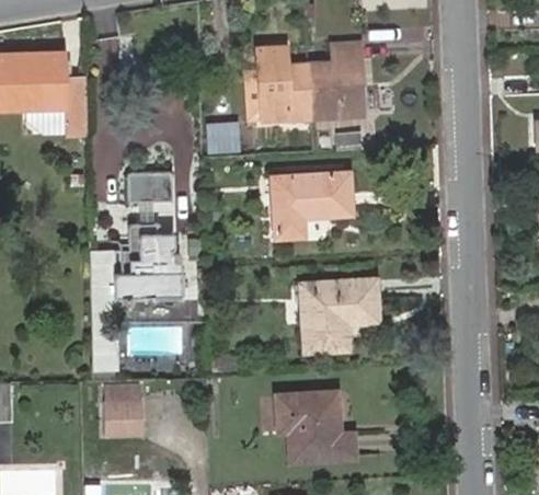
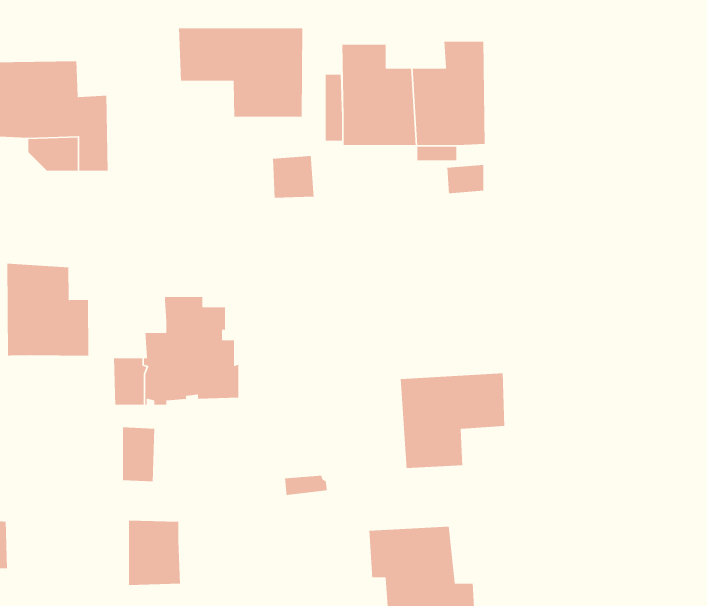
building: none -> [178,27,303,117]
building: [126,174,173,203] -> none
building: [268,174,345,238] -> none
building: none -> [6,263,89,356]

